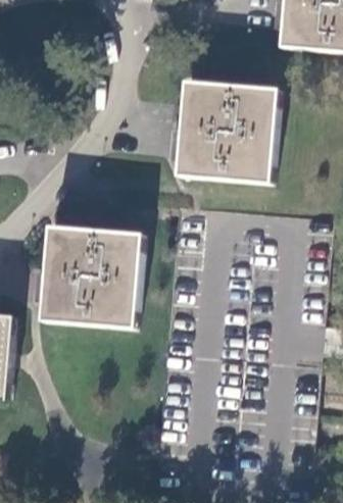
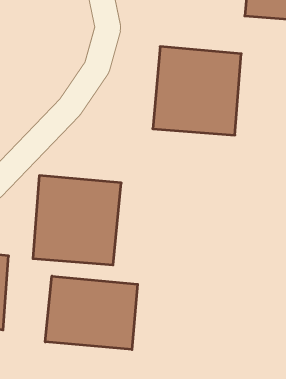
building: none -> [45,276,138,350]

